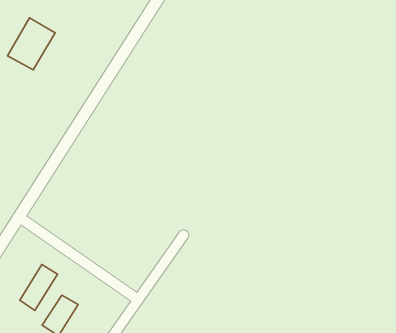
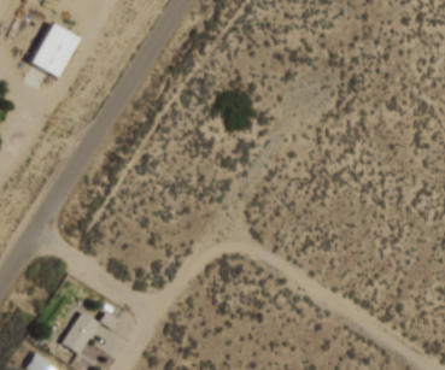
building: [20,265,58,311] -> none

